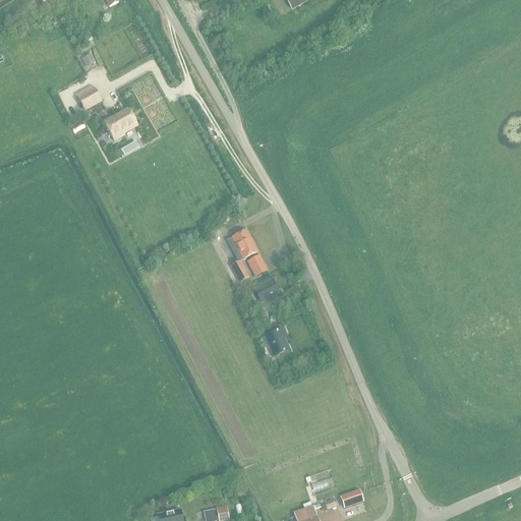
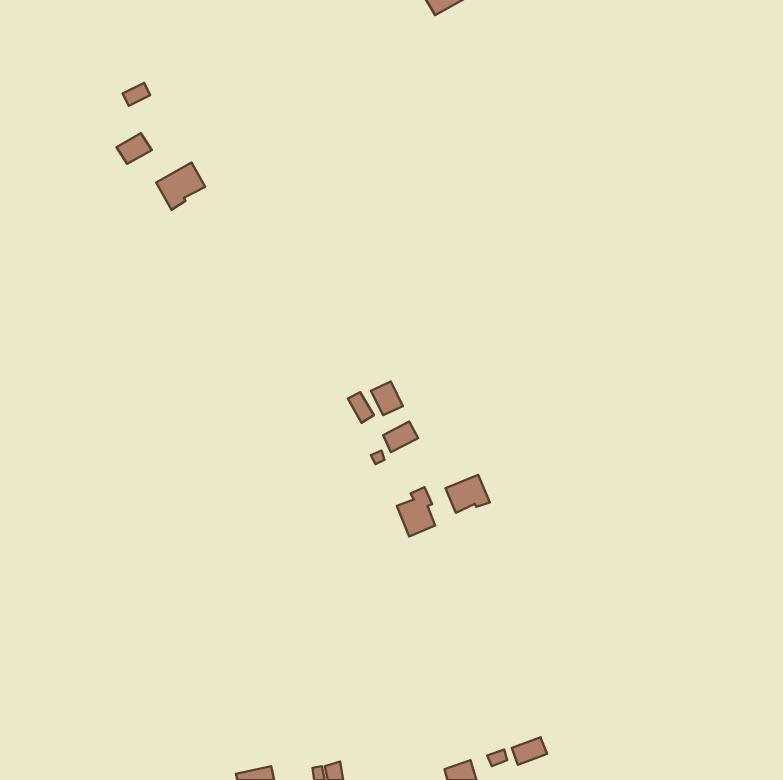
building: [231,229,257,258] -> none
building: none -> [446,475,490,513]

